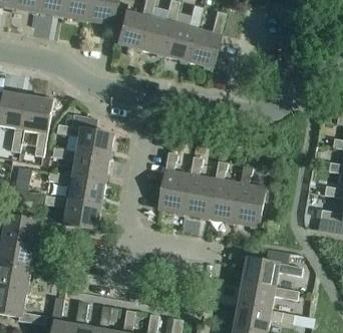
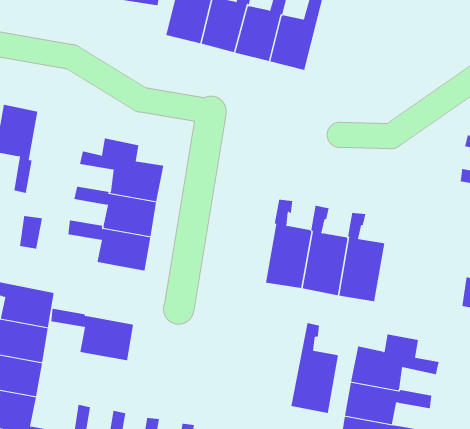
building: [22,96,53,156] -> none
building: [157,151,191,214] -> [291,323,339,413]
building: [44,195,101,231] -> [50,308,134,361]

